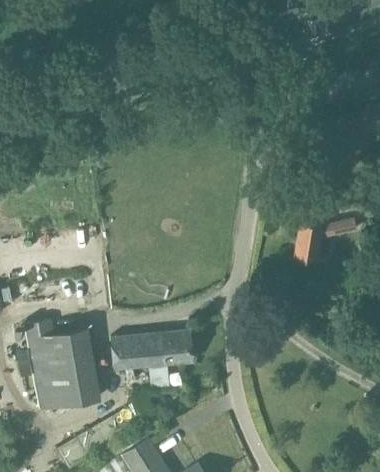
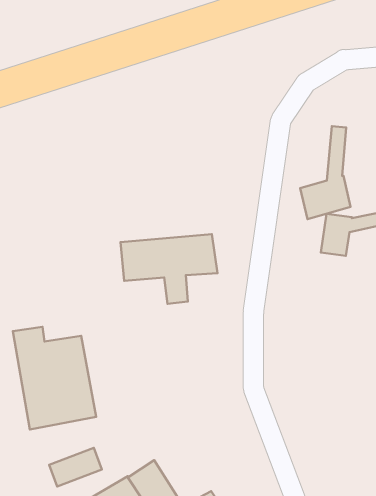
building: none -> [300,126,351,219]
building: [112,330,197,391] -> [121,234,218,304]

